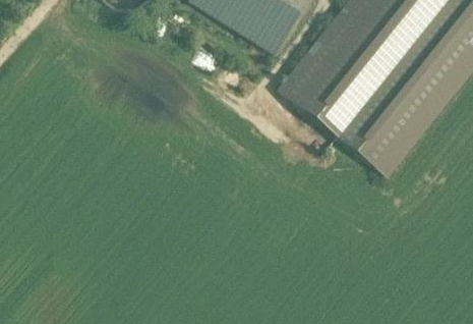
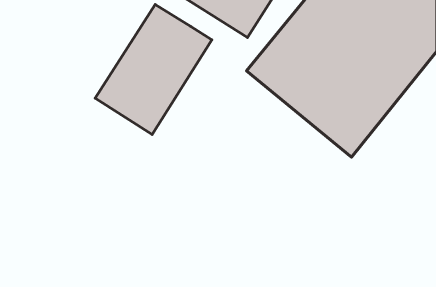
building: none -> [95,5,212,134]

